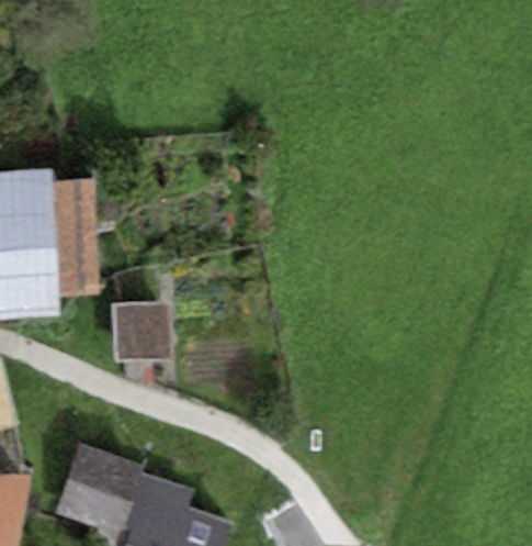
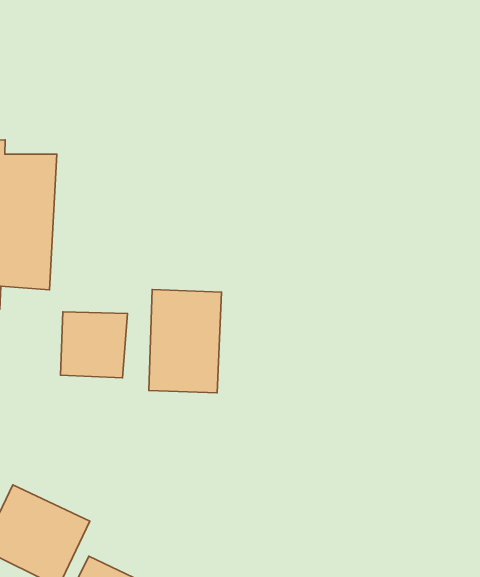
building: none -> [149,290,221,393]

